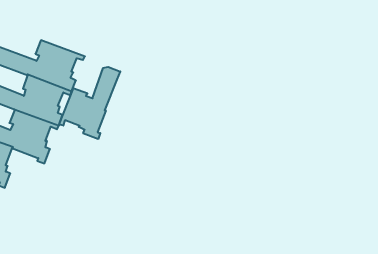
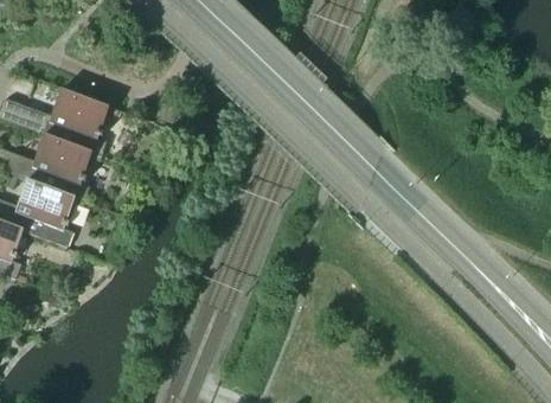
building: [59,67,120,139] -> none

